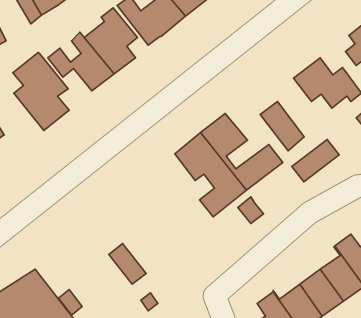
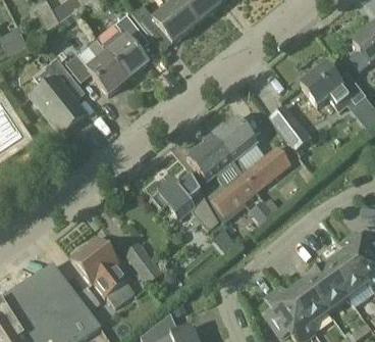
building: [292,140,339,182] -> none
building: none -> [153,170,218,229]
building: none -> [72,235,133,304]

